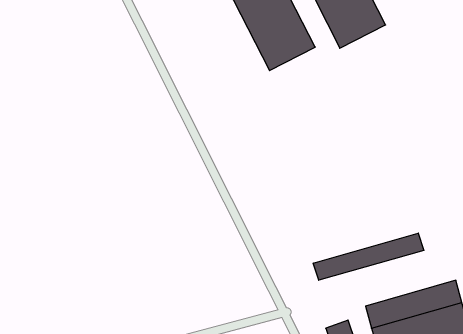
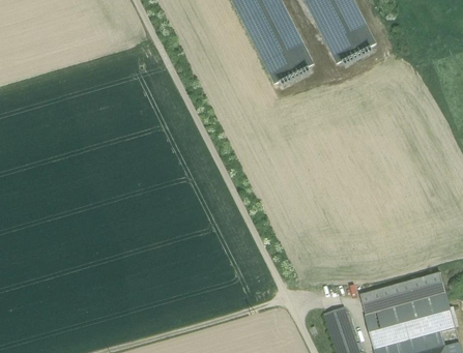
building: [313,233,424,280] -> none

